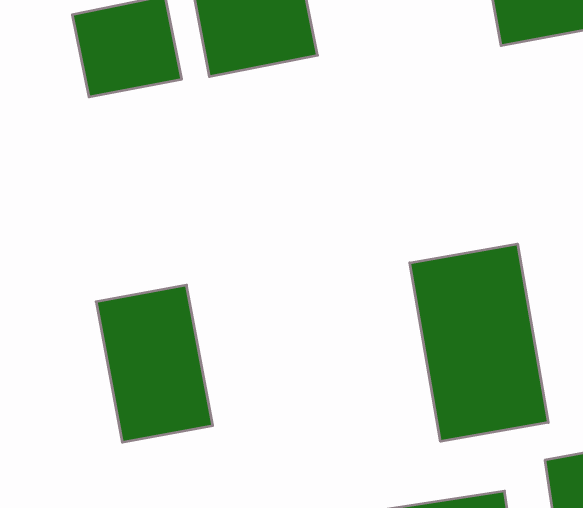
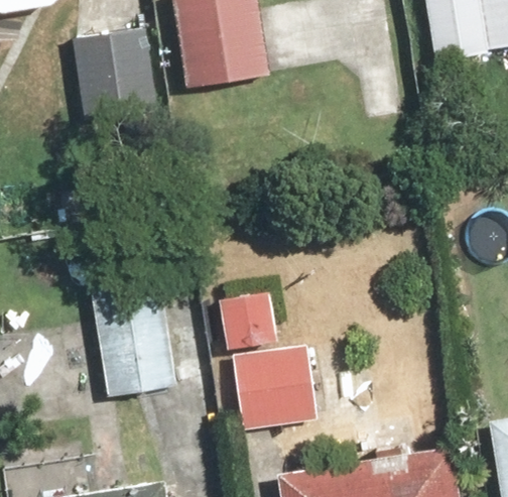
building: [410,244,548,441] -> none
building: none -> [226,303,328,431]

